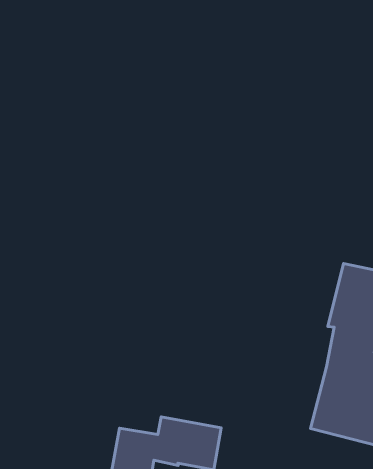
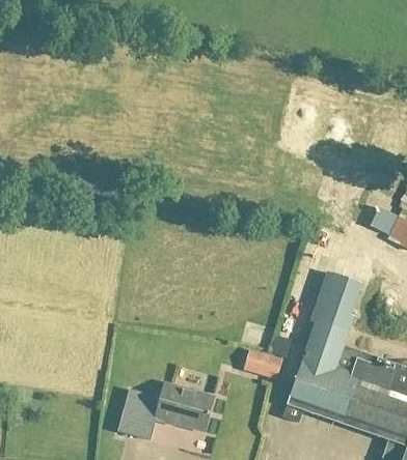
building: none -> [244,350,280,379]

